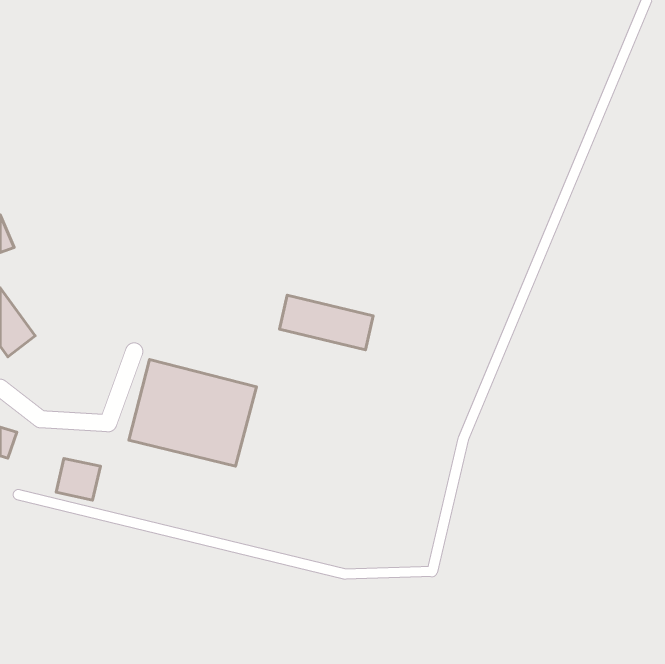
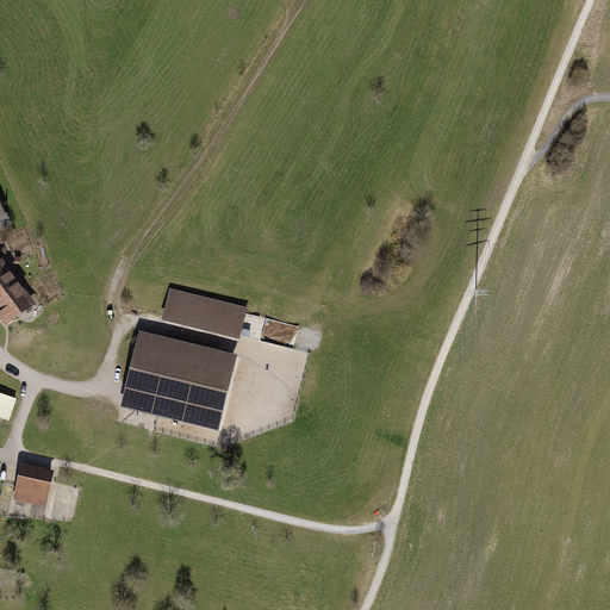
building: [280,295,373,350] -> [160,287,245,337]
building: [56,458,100,500] -> [14,469,55,508]

